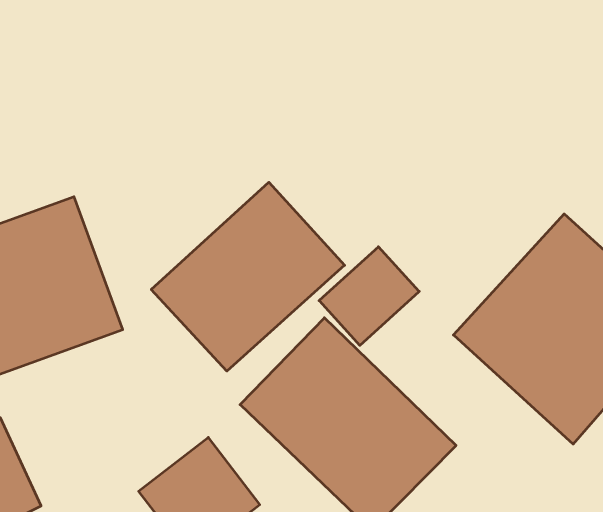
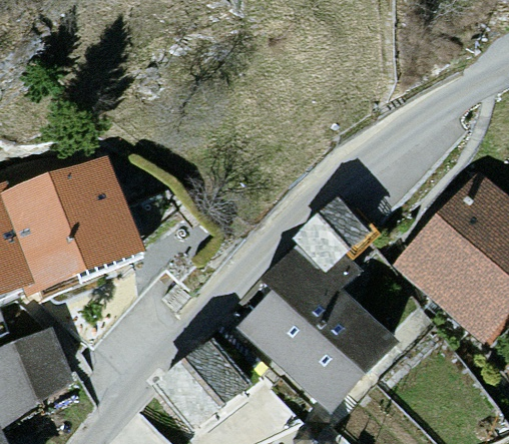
building: [151,182,345,371] -> none

